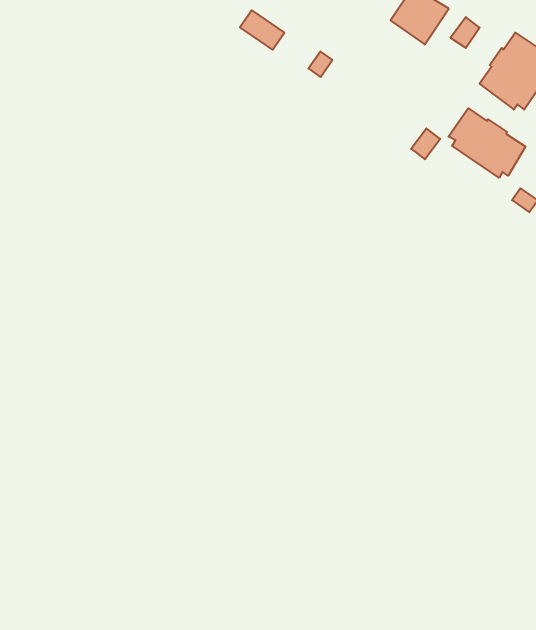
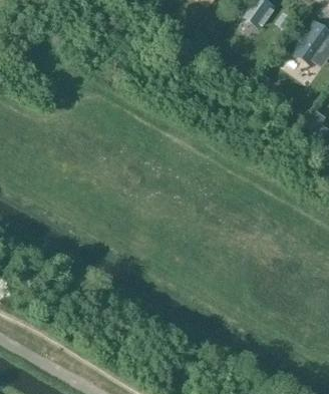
building: [448,108,525,178] -> none

